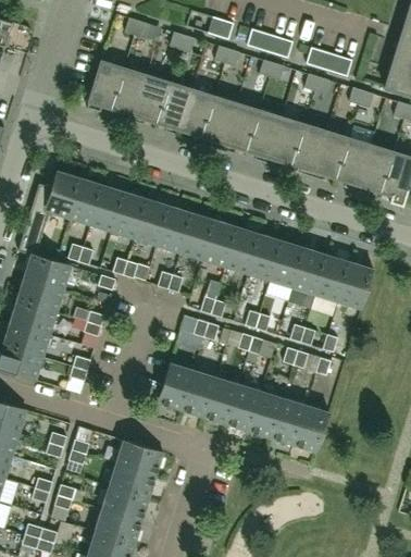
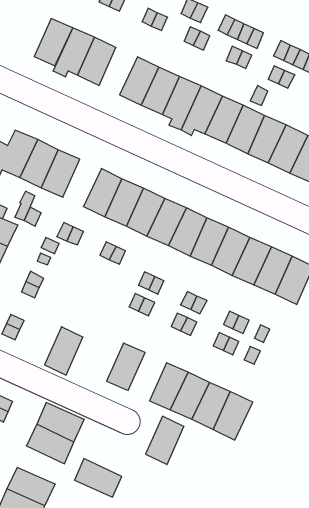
building: [135,75,170,122] -> [34,19,73,66]
building: [113,191,148,238] -> none
building: [158,362,192,410] -> [45,327,83,375]
building: [203,376,238,424] -> [146,416,184,465]
building: [102,485,149,520] -> [75,459,122,497]

